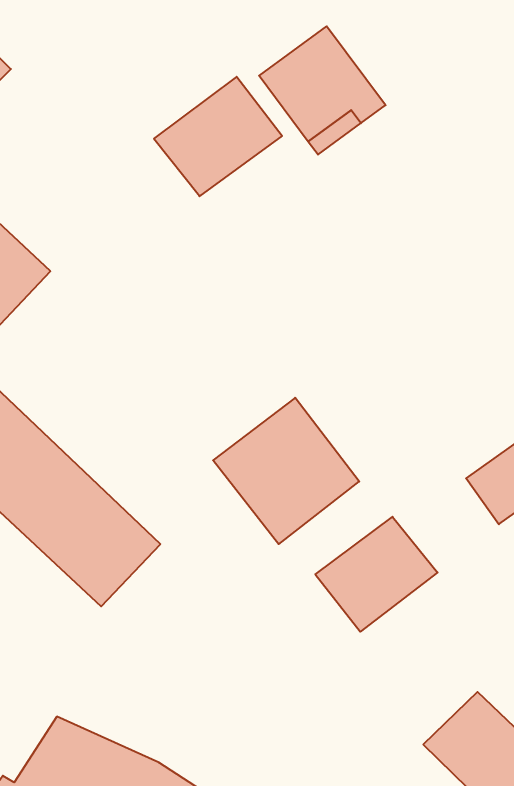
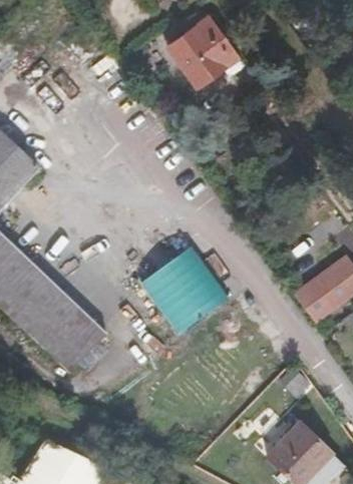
building: [154,77,282,196] -> none
building: [315,517,438,632] -> none

